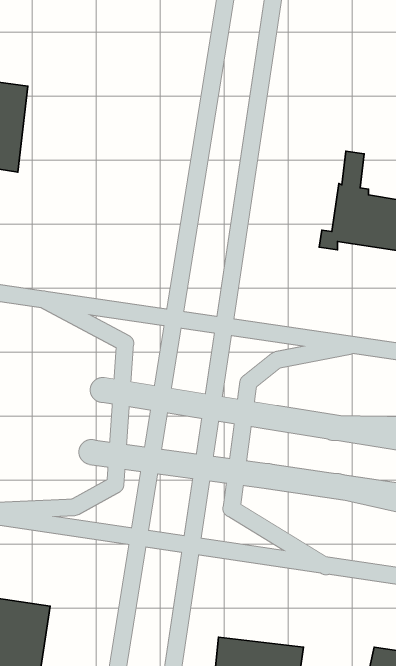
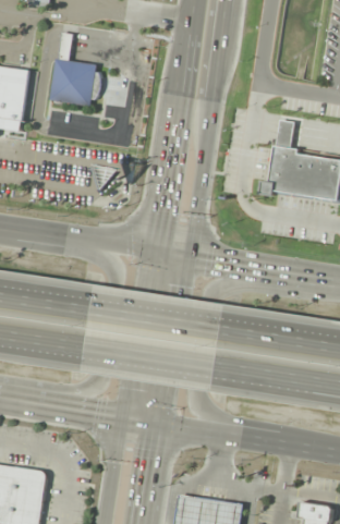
building: none -> [51,33,100,105]

